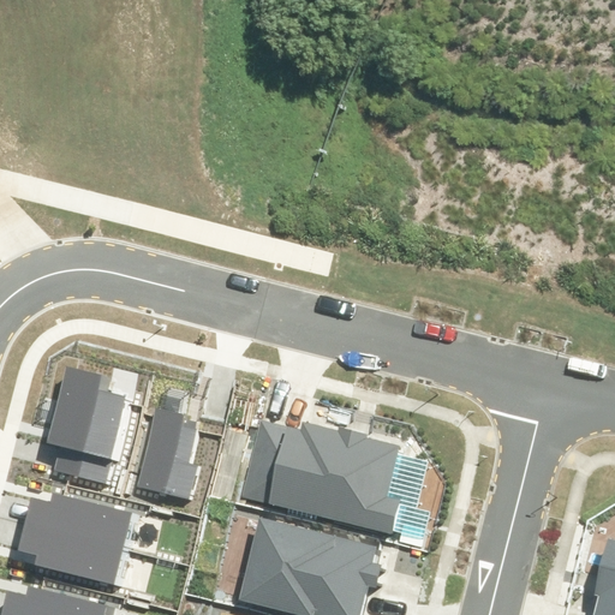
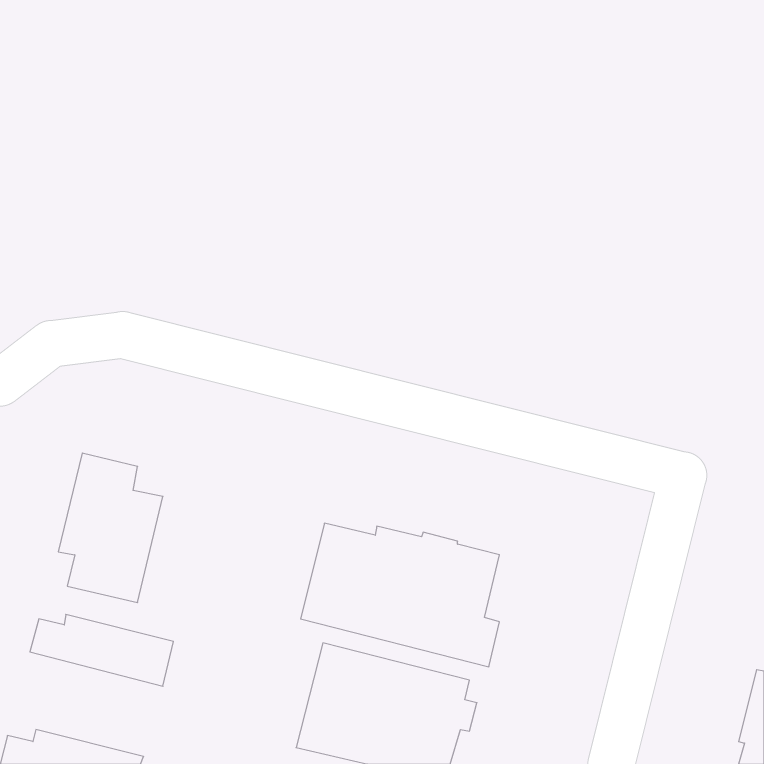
building: [136,407,199,500] -> none
building: [18,524,131,586] -> none

